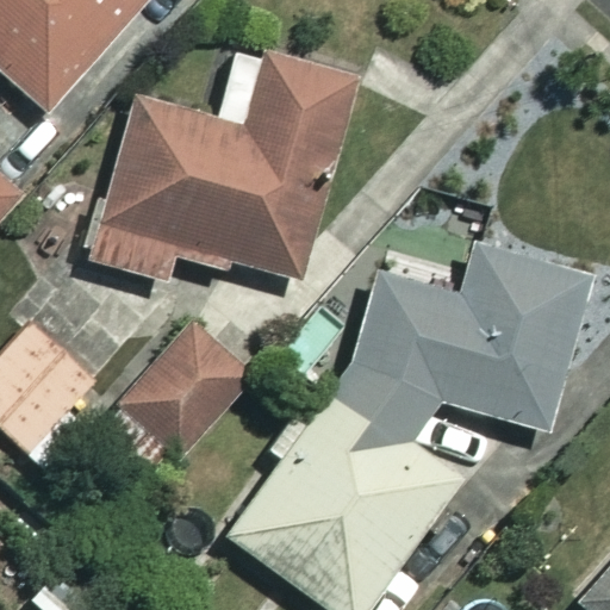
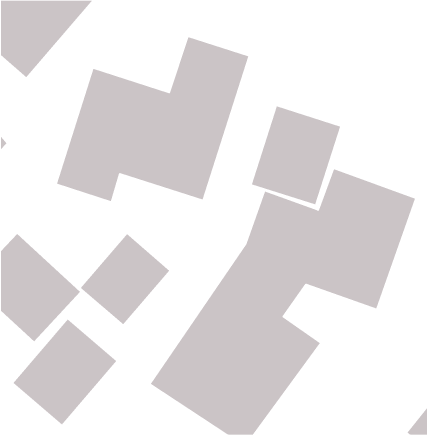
building: none -> [251,106,341,205]
building: none -> [12,319,117,426]

